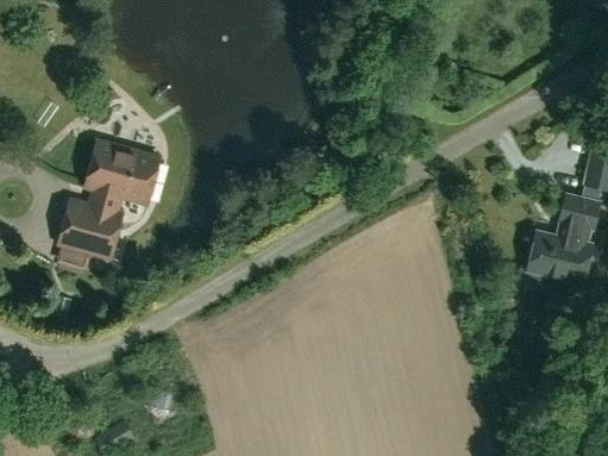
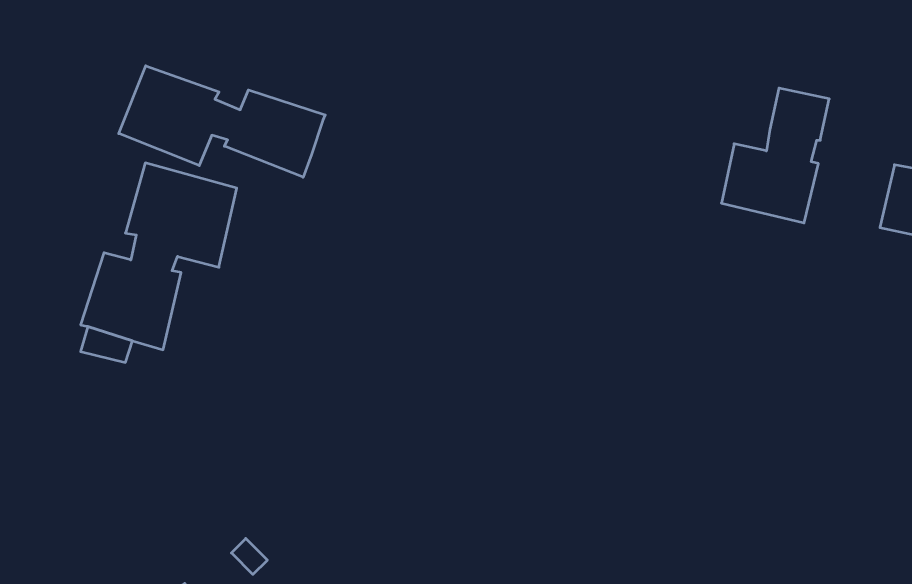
building: none -> [119,66,325,177]
building: [528,193,600,282] -> [721,88,829,223]

